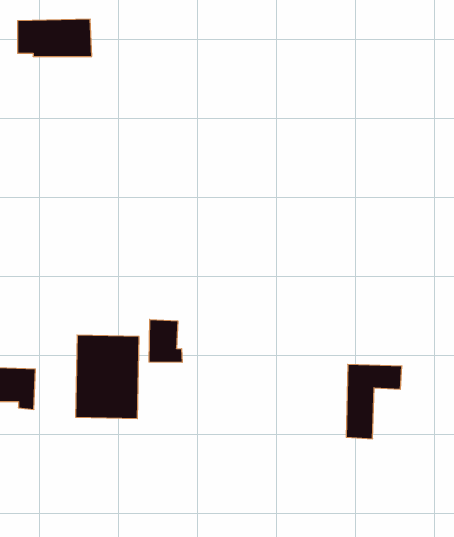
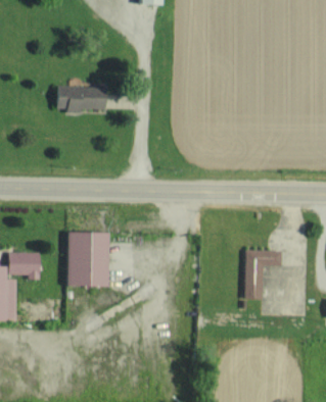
building: [18,19,92,56] -> [56,86,105,110]
building: [149,319,182,362] -> none

